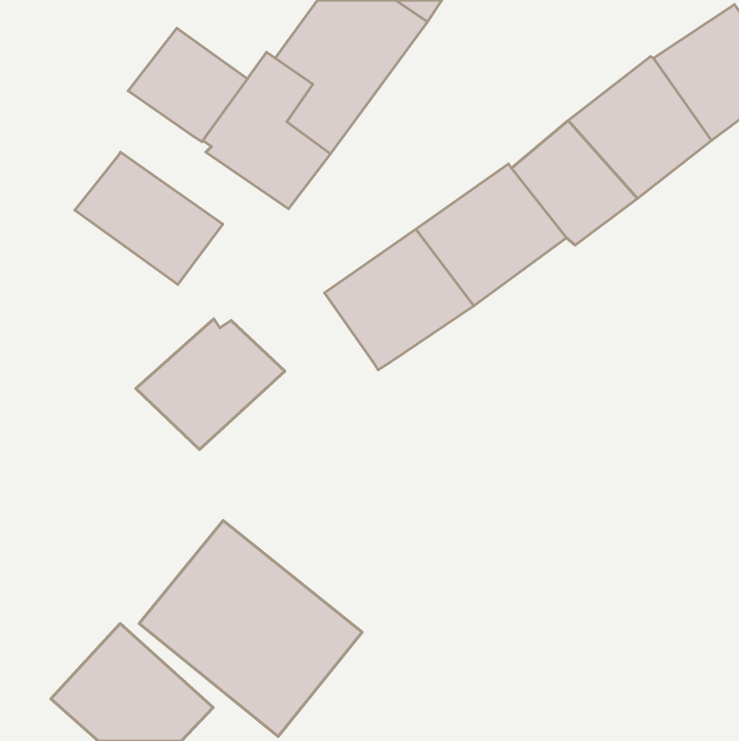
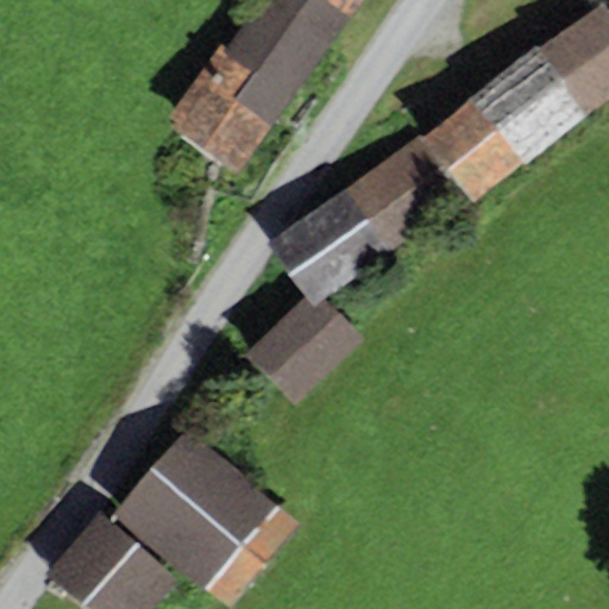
building: [128,28,247,142] -> none
building: [75,152,223,284] -> none
building: [136,319,285,449] -> [243,296,365,403]

